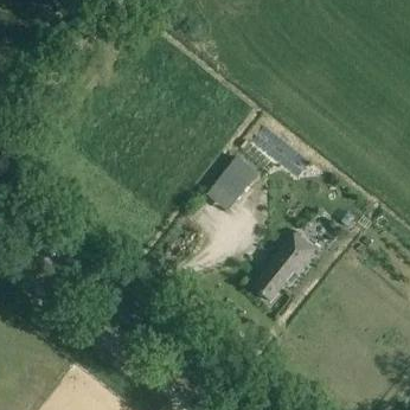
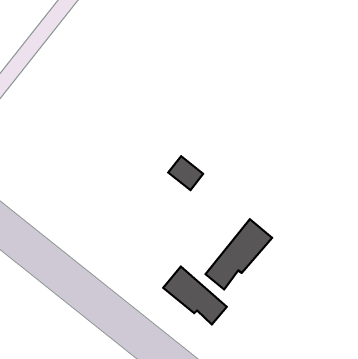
building: none -> [163,266,227,324]

